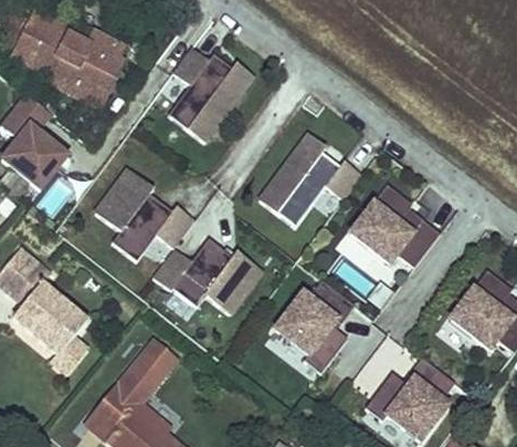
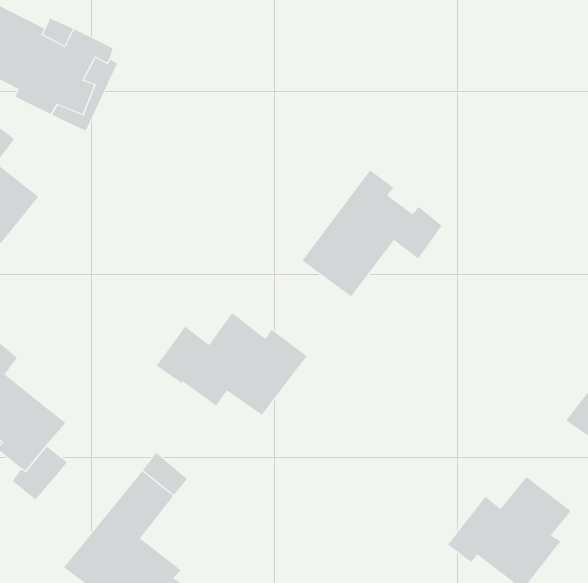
building: [167,48,252,142] -> none
building: [94,169,194,261] -> none
building: [350,185,441,267] -> none
building: [274,280,355,374] -> none

